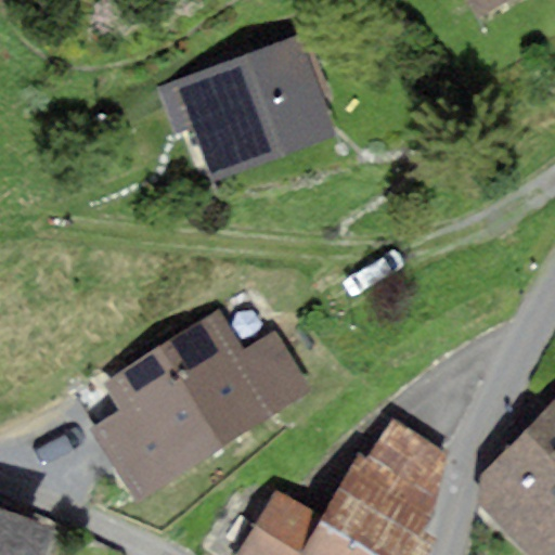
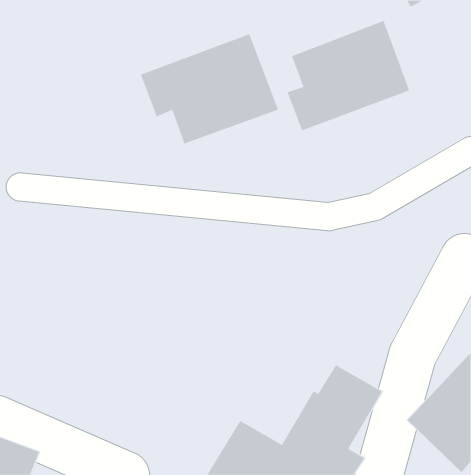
building: none -> [287,20,410,131]
building: [103,317,309,486] -> none

